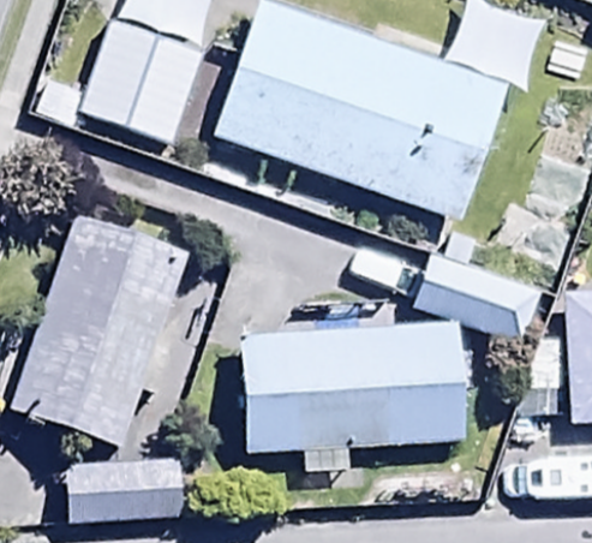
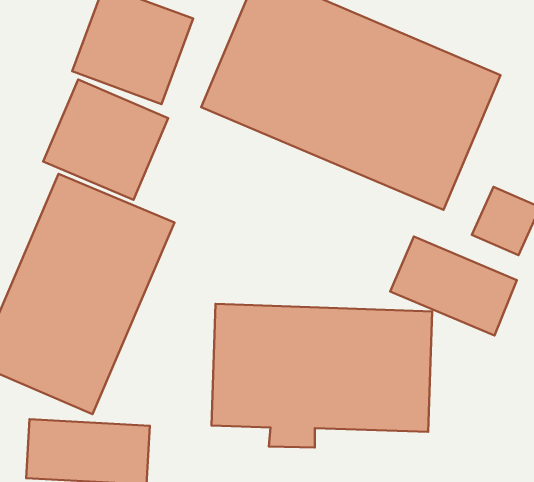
building: none -> [43,80,168,200]

